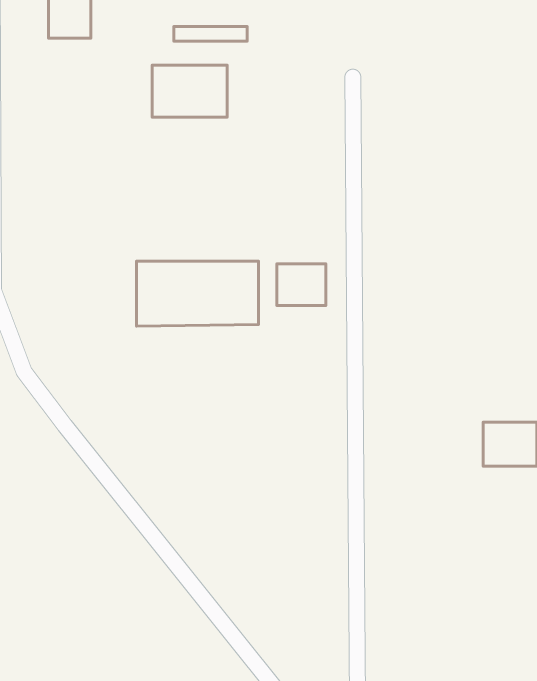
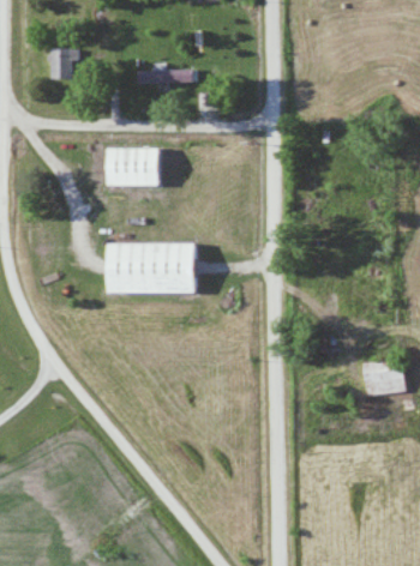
building: [152,65,227,117] -> [107,147,162,186]
building: [277,264,326,306] -> none

